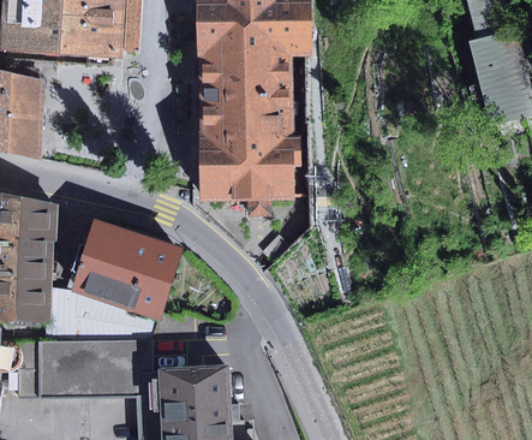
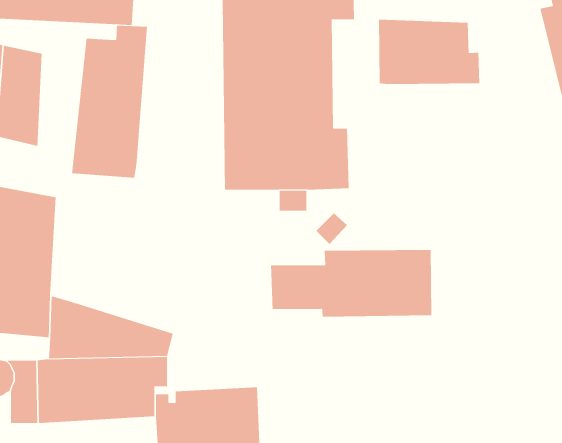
building: none -> [379,19,480,85]
building: none -> [72,25,147,178]
building: [71,220,180,319] -> none
building: none -> [271,249,432,318]

